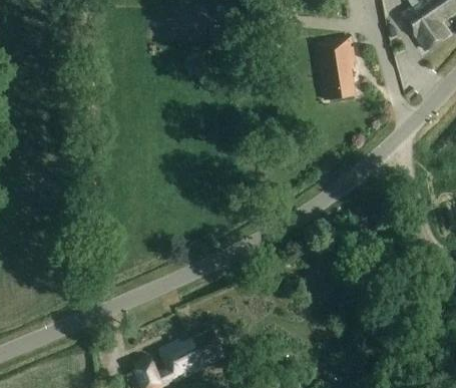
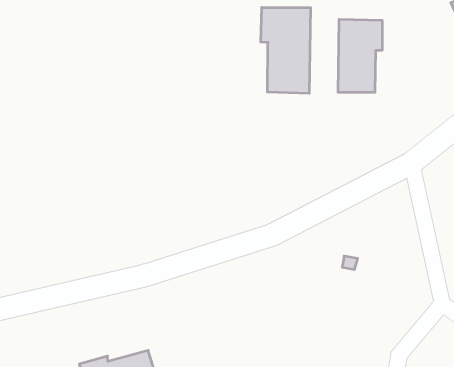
building: none -> [261,7,311,93]

